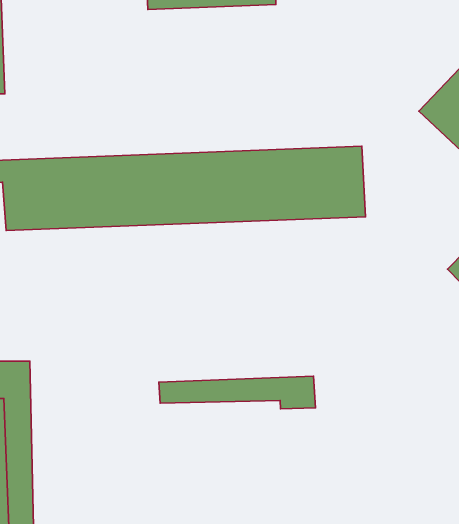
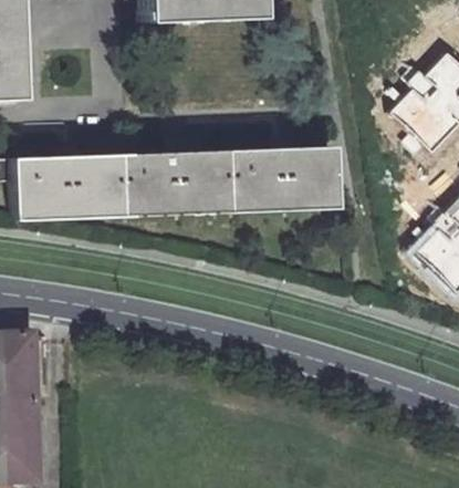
building: [159,376,315,409] -> none

